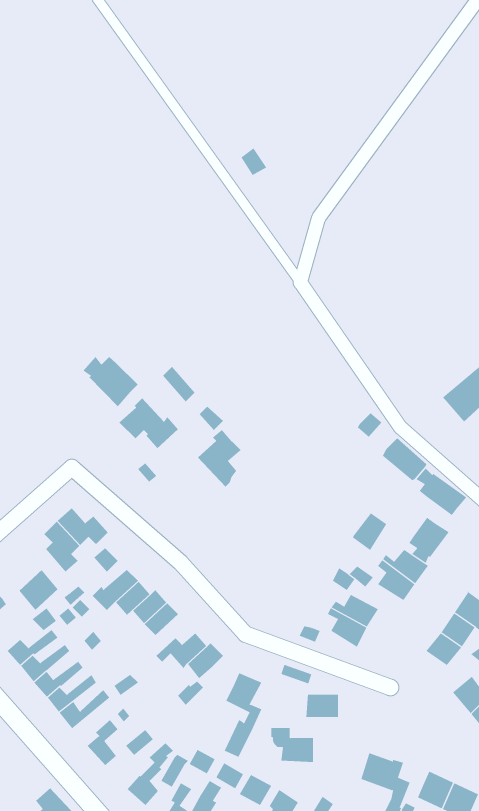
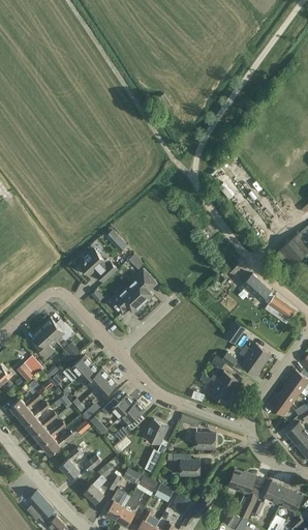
building: [82,356,138,407] -> none
building: none -> [110,287,146,316]
building: [409,517,450,564] -> none

